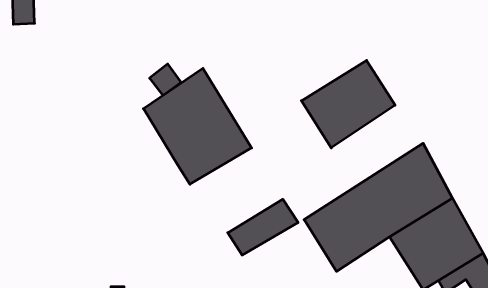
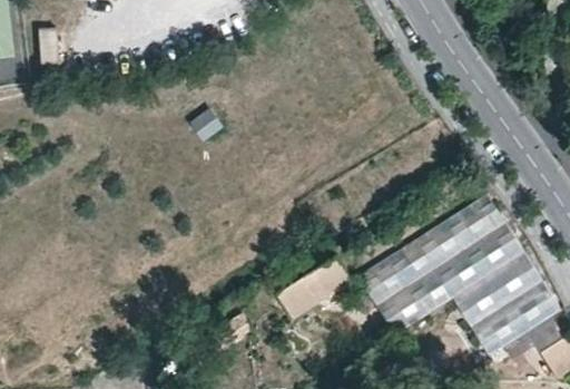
building: [301,60,395,148] -> none
building: [143,68,252,184] -> none

